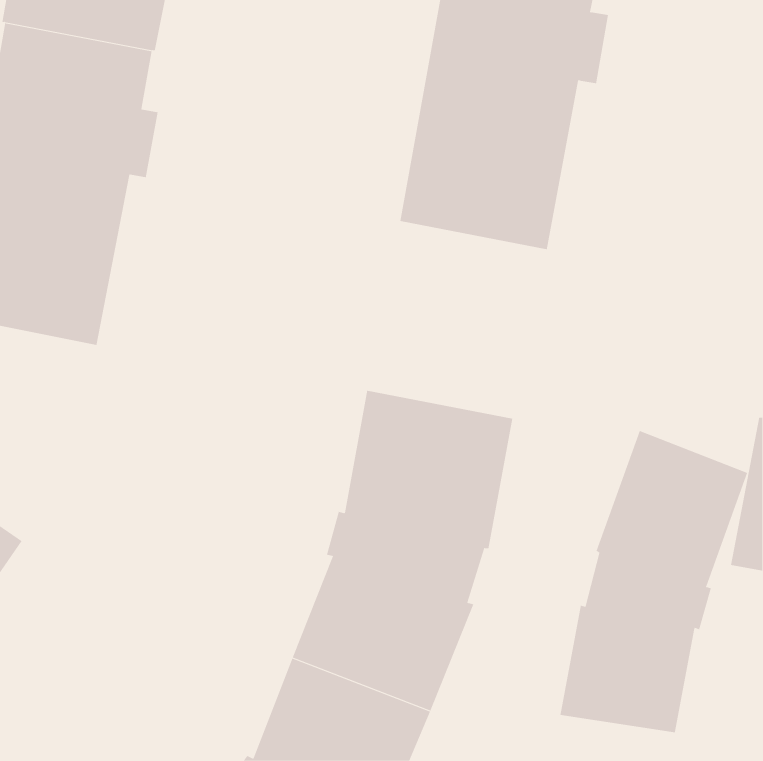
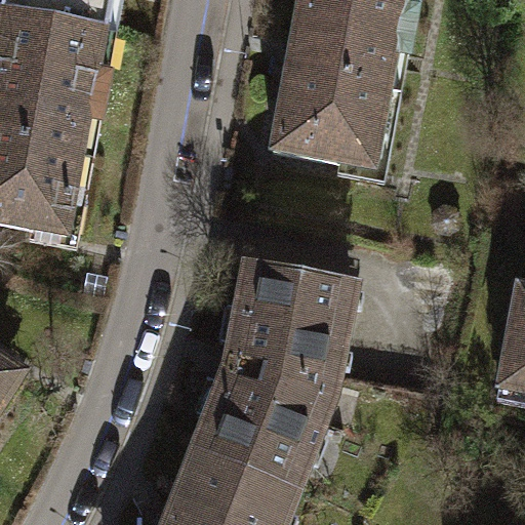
building: [560,430,748,733] -> none

